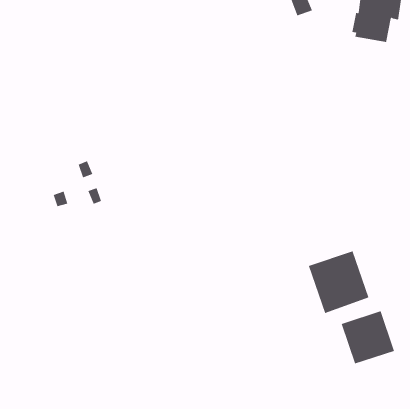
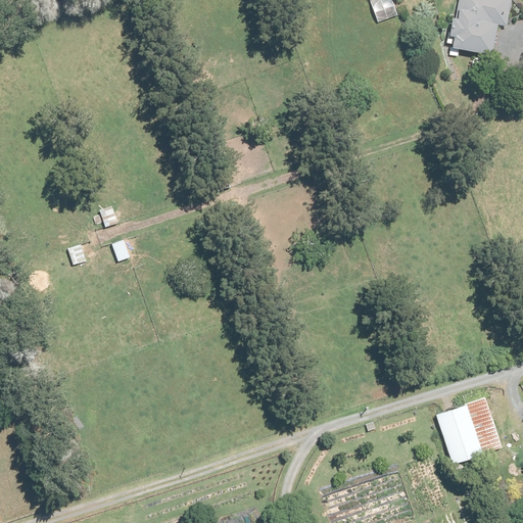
building: [308,250,369,314] -> none

